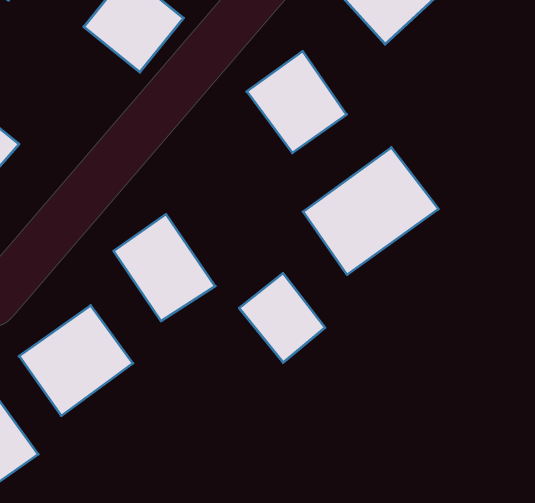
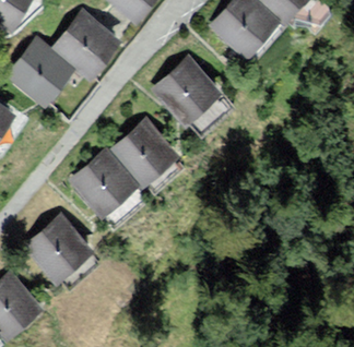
building: none -> [11,38,75,103]
building: [303,147,438,275] -> none
building: [239,273,325,363] -> [118,133,172,189]

